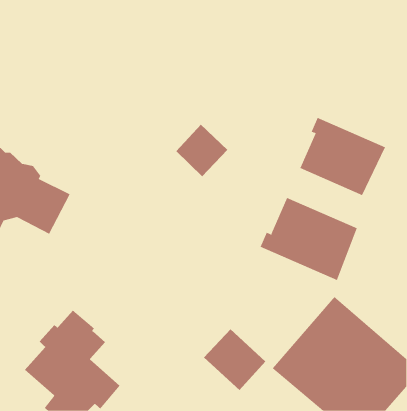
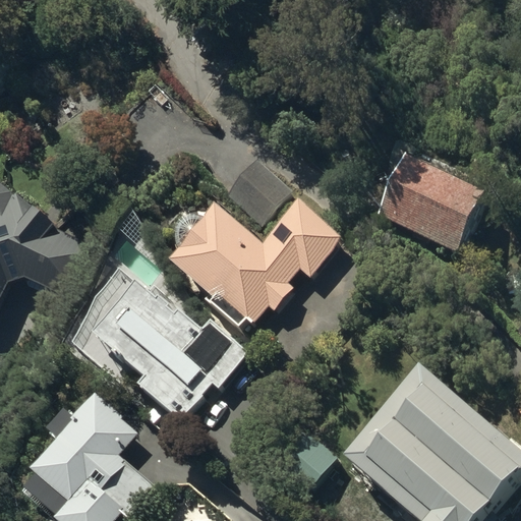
building: none -> [169,205,342,333]
building: [260,197,358,281] -> none
building: none -> [93,276,246,416]

